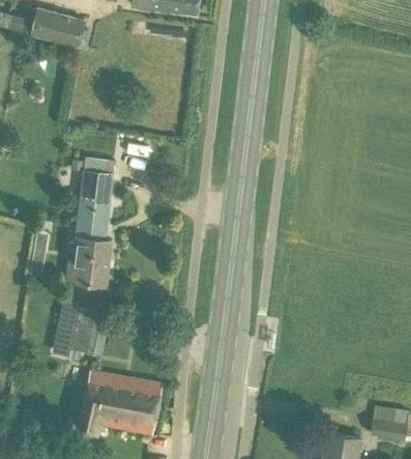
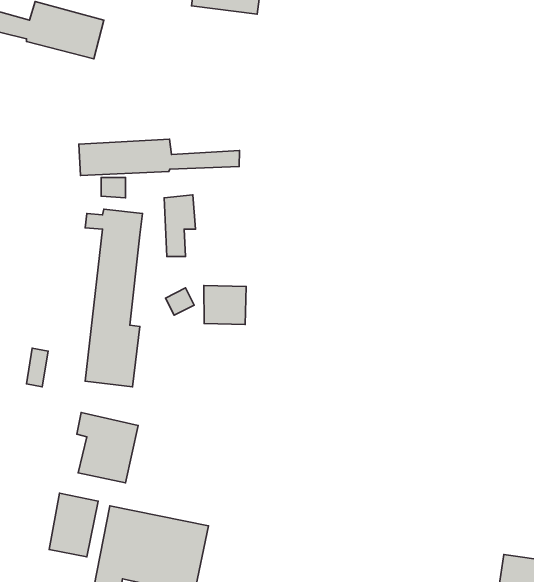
building: none -> [79,139,240,176]
building: none -> [204,285,246,324]
building: none -> [49,493,98,557]

